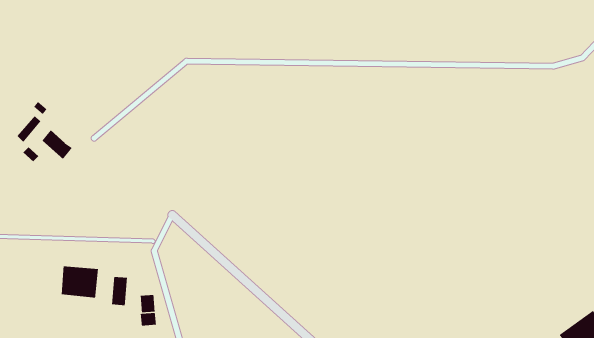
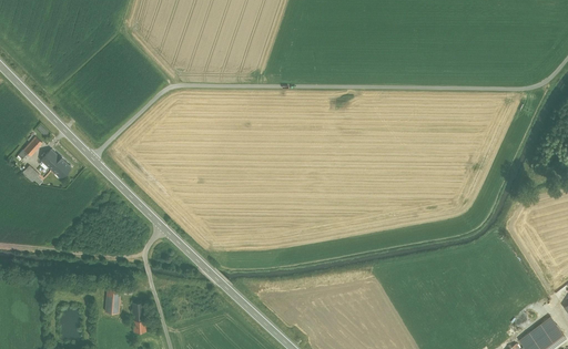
building: [61,266,99,298] -> none

